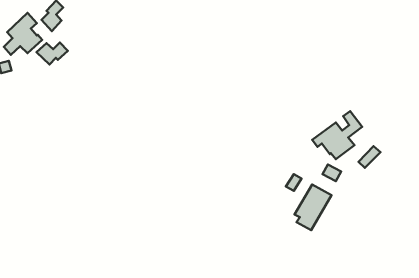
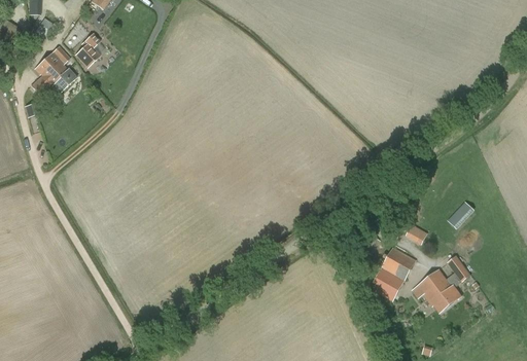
building: [36,43,68,64] -> none
building: [312,111,362,159] -> [412,255,470,312]

